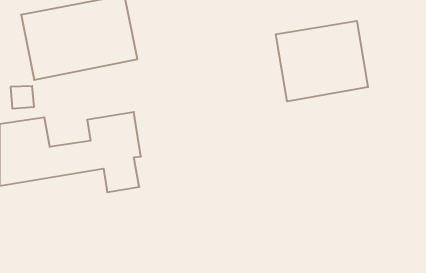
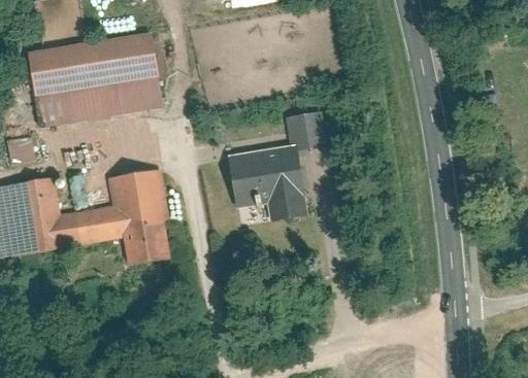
building: [276,21,368,101] -> none
building: none -> [227,110,323,221]

